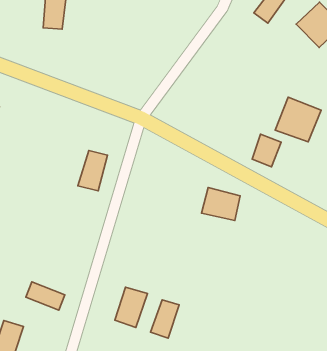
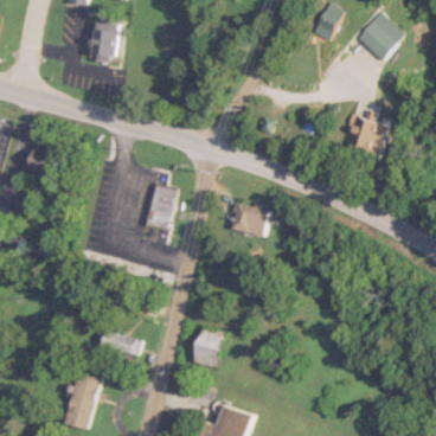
building: [252,134,281,167] -> none
building: [202,188,240,220] -> [230,203,269,235]
building: [151,300,179,338] -> none

